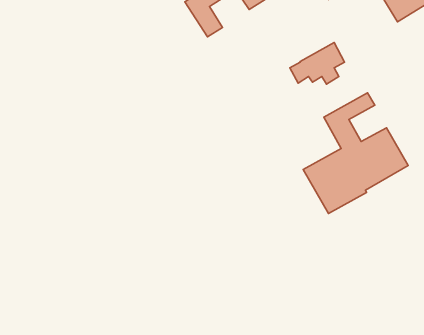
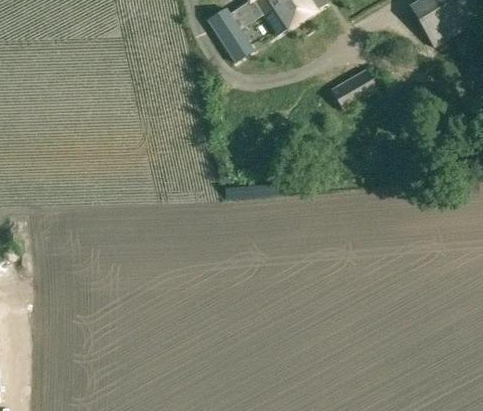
building: [303,93,408,213] -> none

